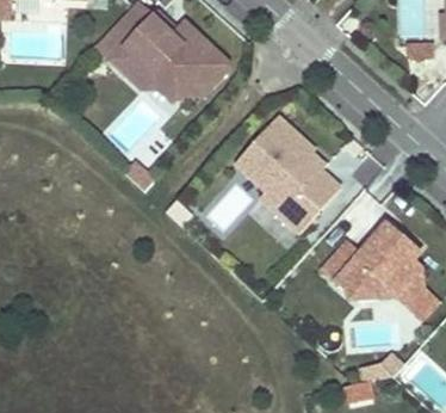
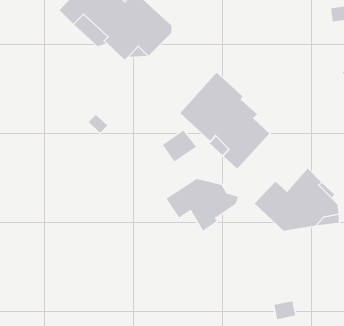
building: none -> [166,178,239,232]

